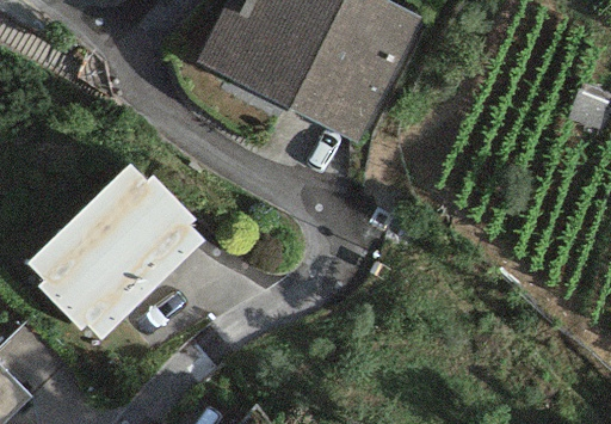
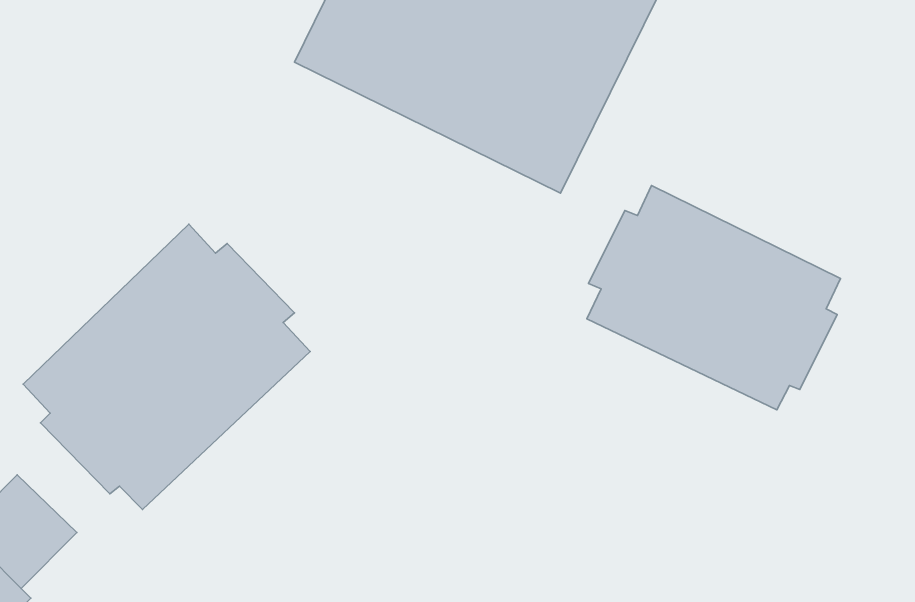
building: none -> [587,185,840,410]

